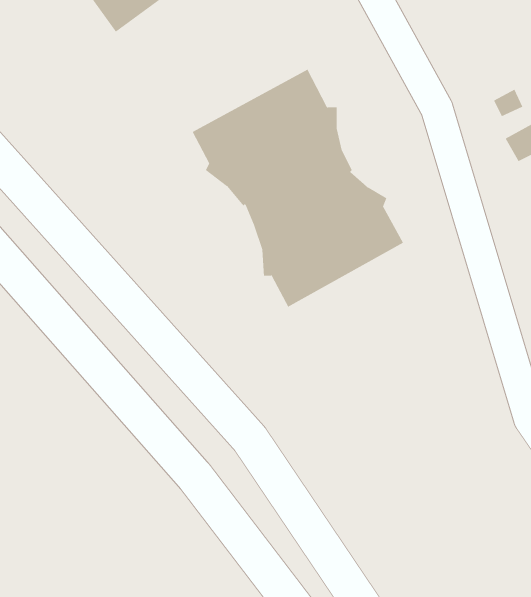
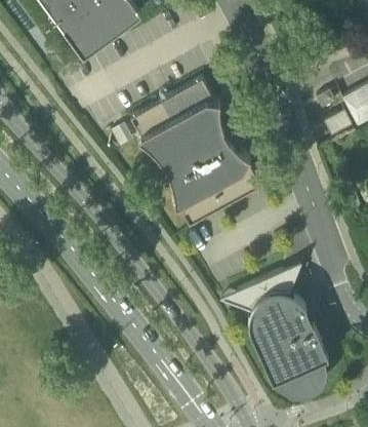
building: none -> [233,271,325,395]

